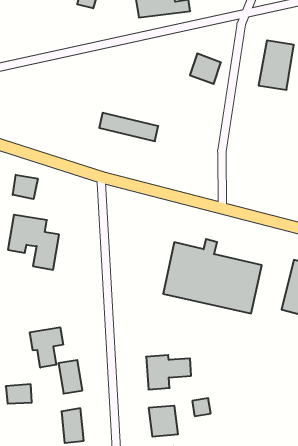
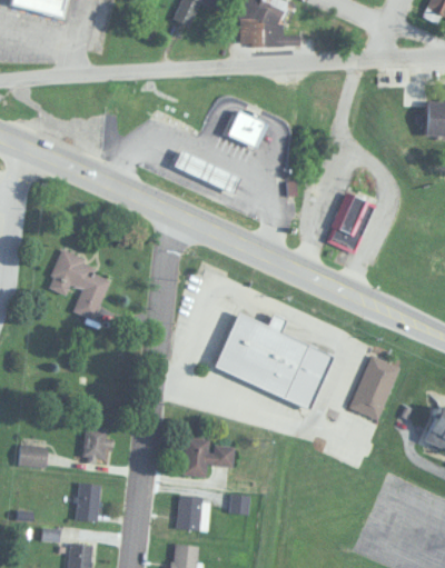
building: [259,40,294,90] -> [326,192,374,252]
building: [190,54,221,84] -> [228,110,266,148]
building: [13,175,38,199] -> none
building: [30,327,63,368] -> none

